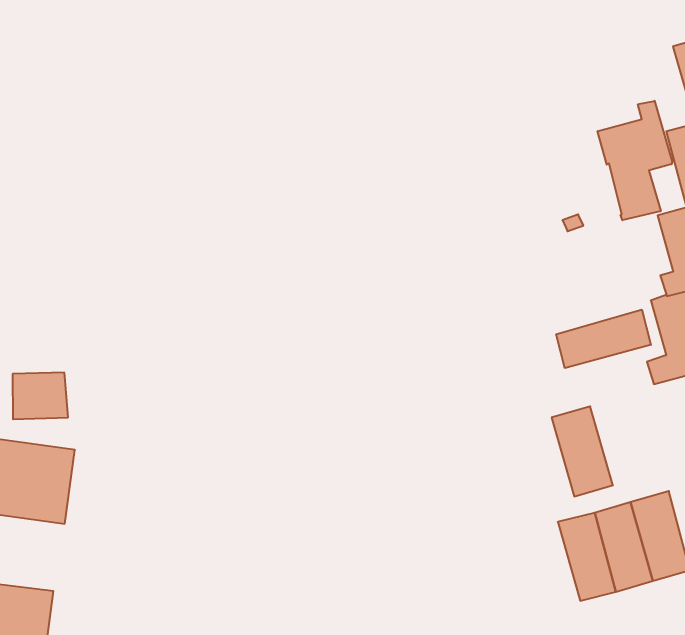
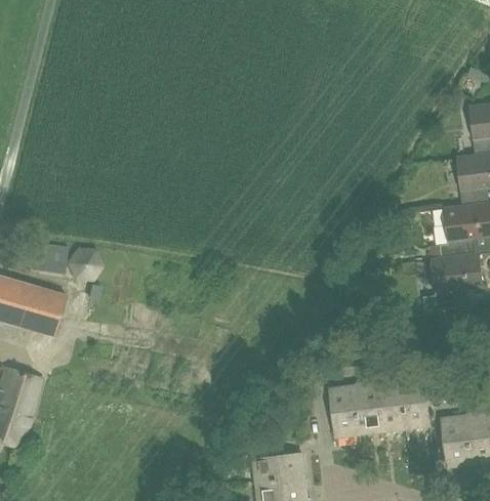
building: [598,101,672,220] -> none
building: [556,310,651,368] -> none
building: none -> [68,246,101,280]
building: [552,406,613,496] -> [328,383,359,436]

